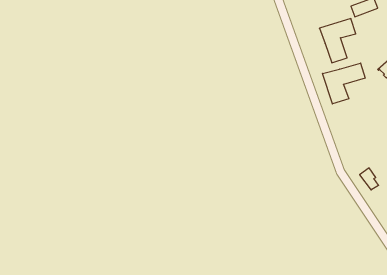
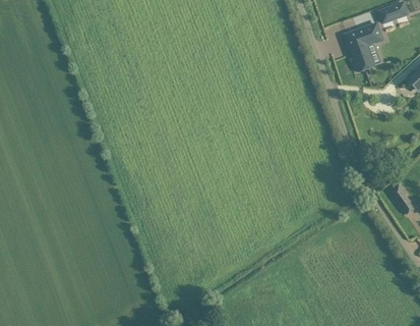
building: [323,63,365,104] -> none

